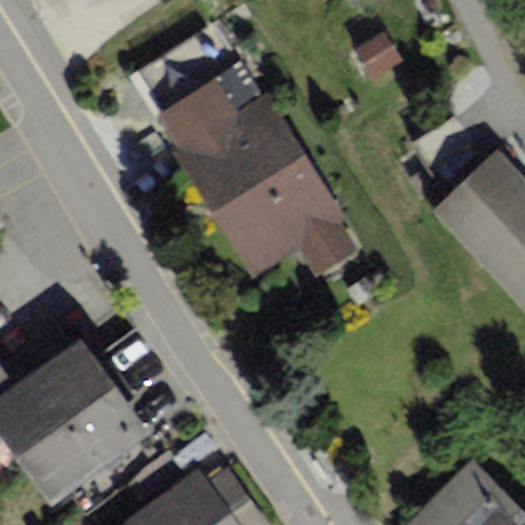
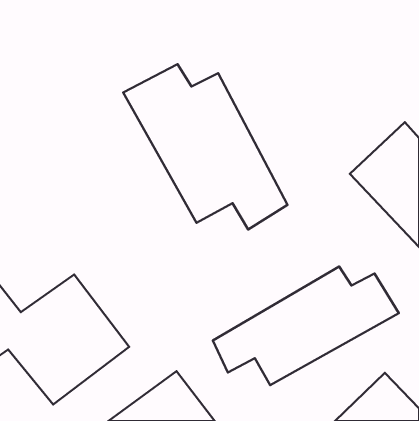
building: none -> [213,267,399,385]

